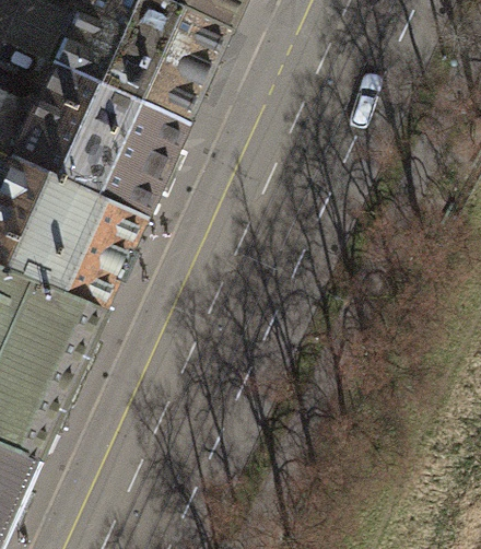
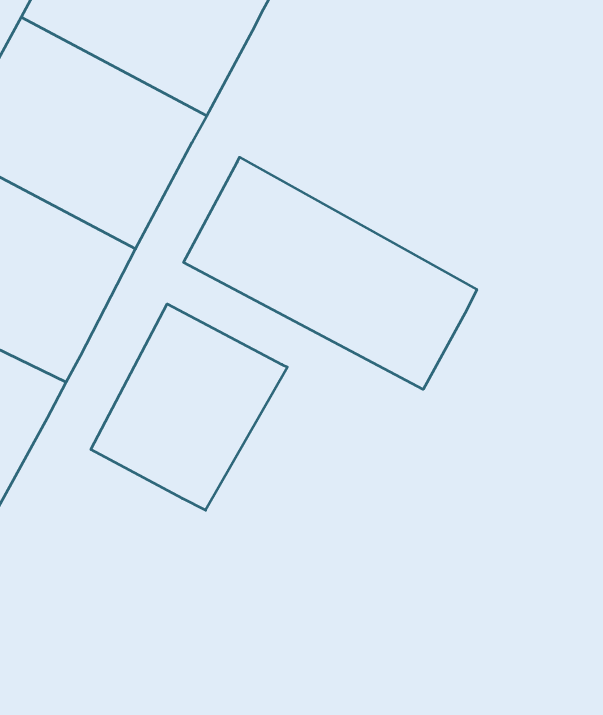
building: none -> [184,157,477,389]
building: none -> [91,304,287,510]

